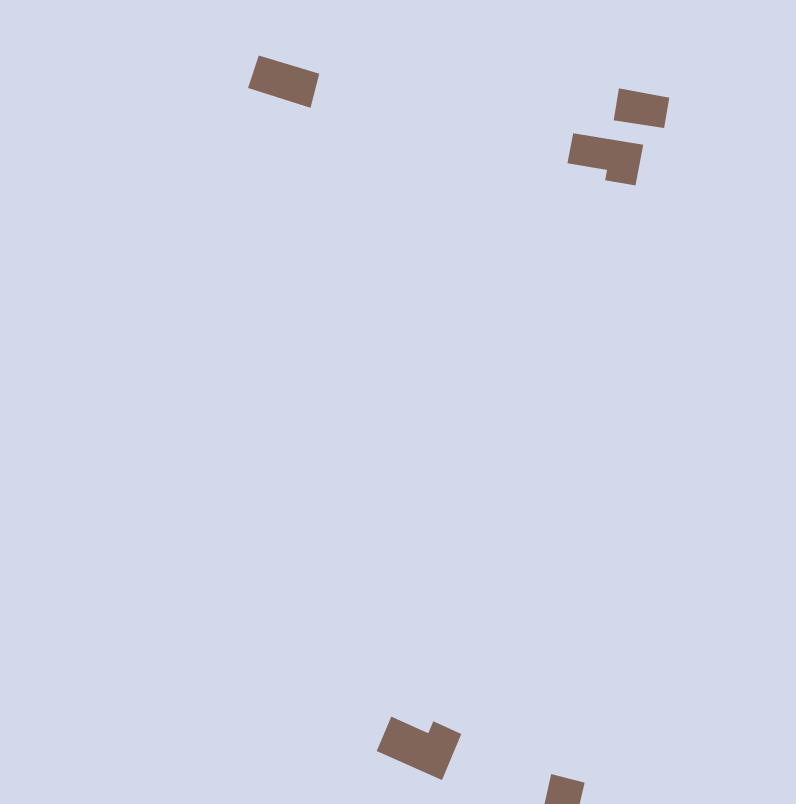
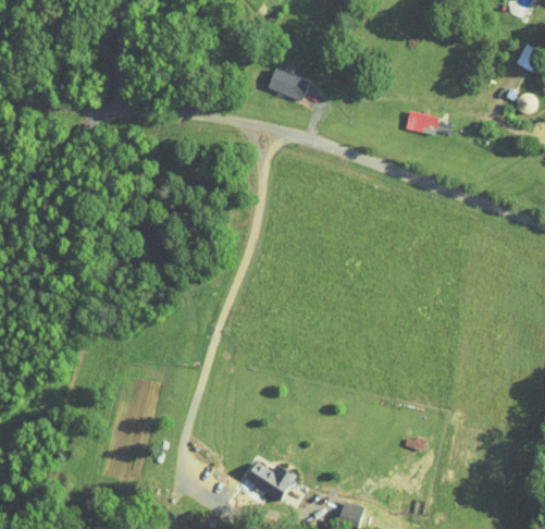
building: [247,55,320,108] -> [267,69,309,101]
building: [567,132,644,186] -> none

